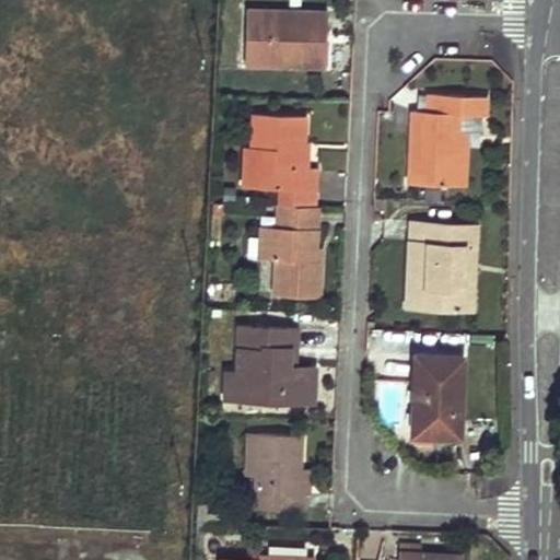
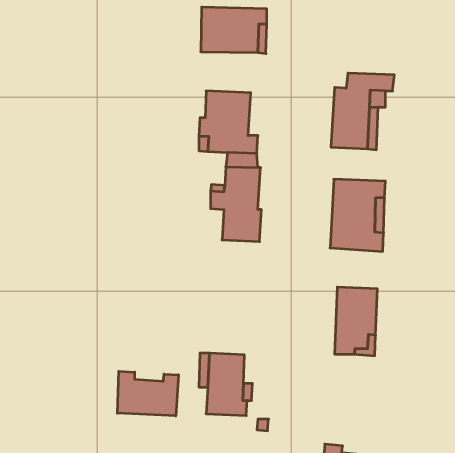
building: [225,329,314,407] -> none
building: none -> [117,371,178,416]

